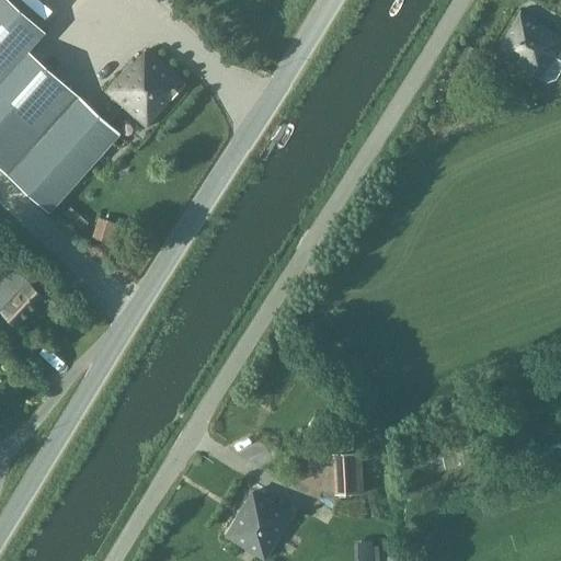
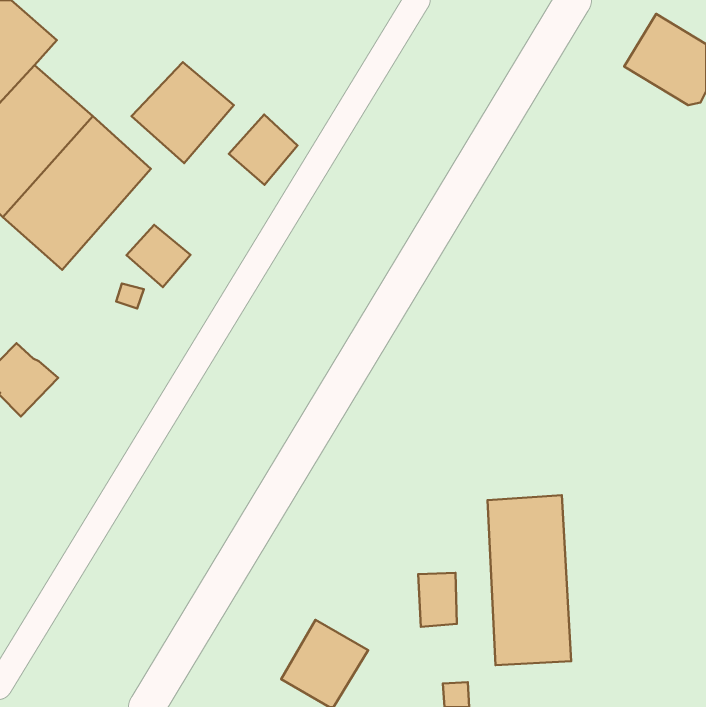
building: none -> [229,114,297,185]
building: none -> [126,225,191,287]
building: none -> [487,495,571,665]

